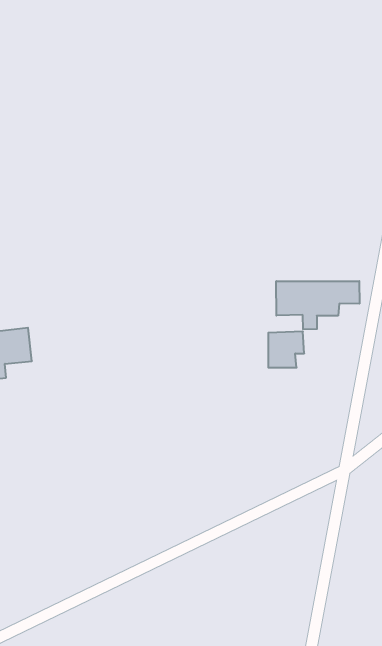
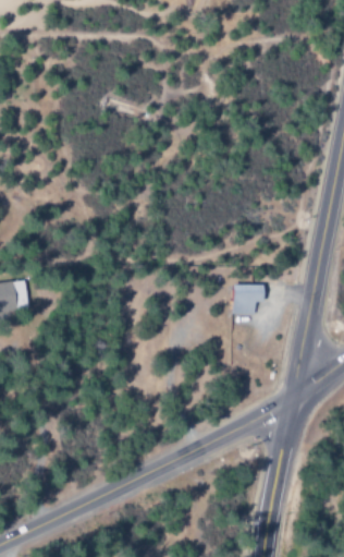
building: [276,281,359,329] -> none

